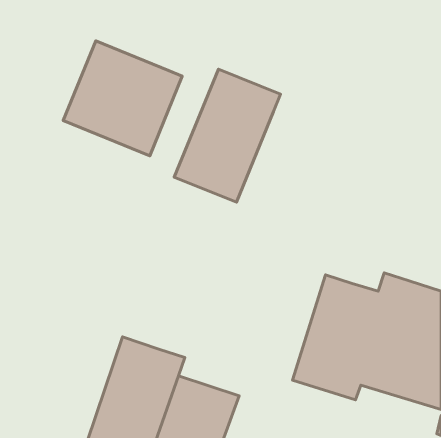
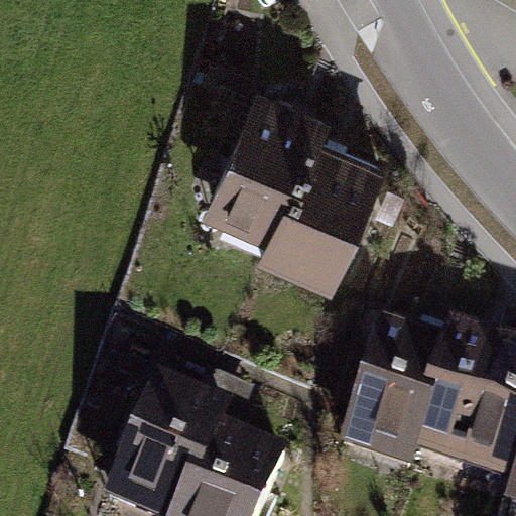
building: [63,41,182,156] -> none
building: none -> [269,134,389,285]

